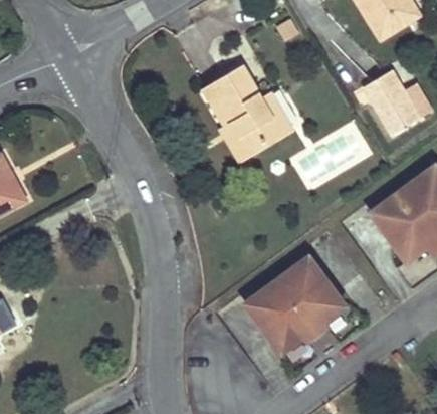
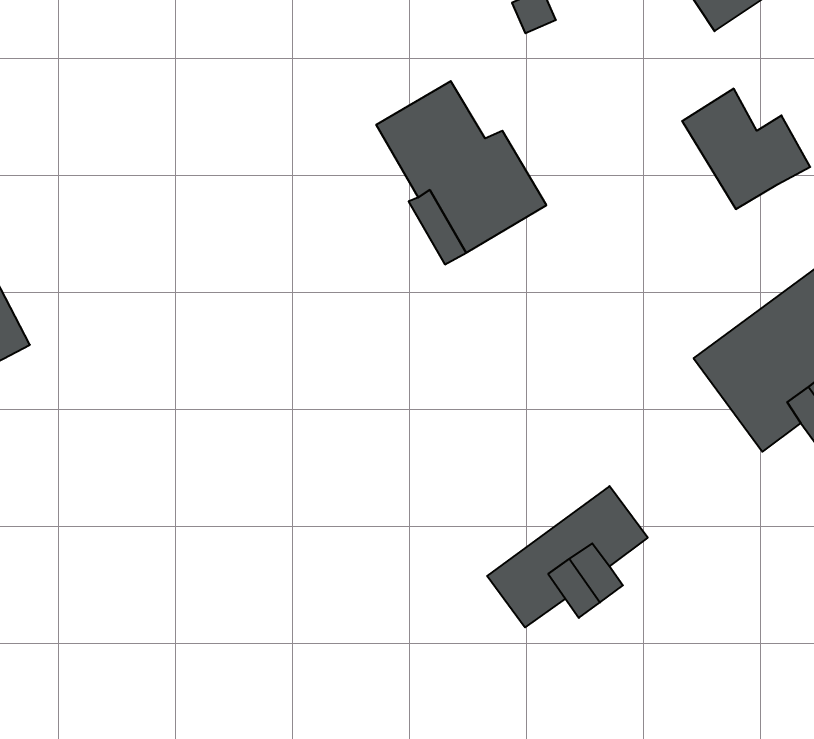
building: [288,123,372,190] -> none
building: [244,255,325,325] -> none

